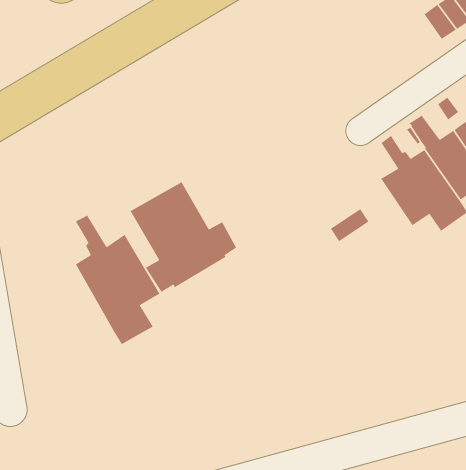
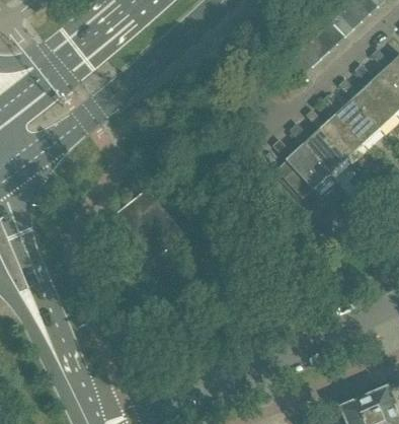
building: [75,215,160,345] -> none

